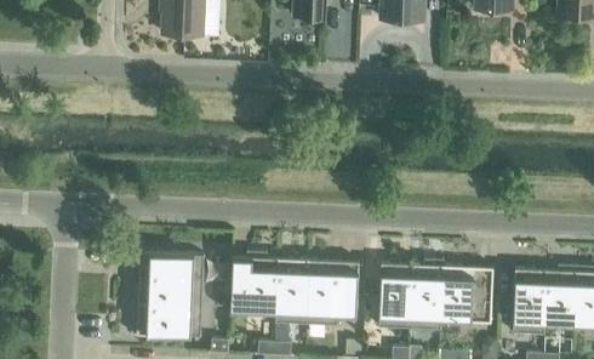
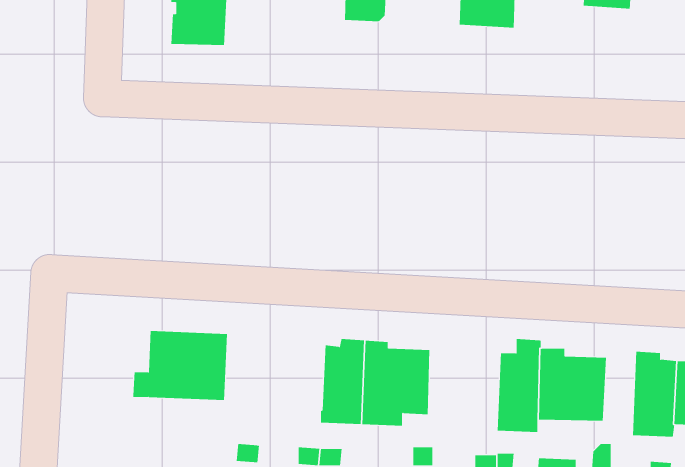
building: [230,252,279,314] -> none
building: [378,263,412,330] -> none
building: [131,304,202,338] -> none

